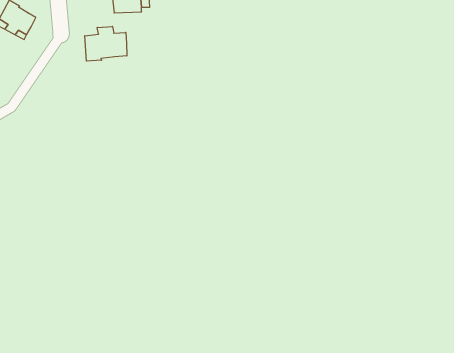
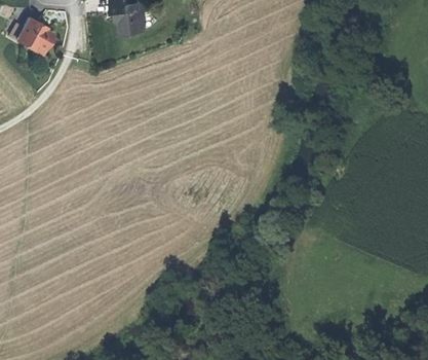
building: [85,26,127,61] -> none

